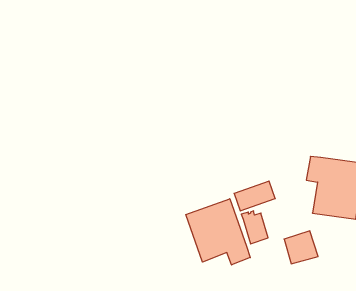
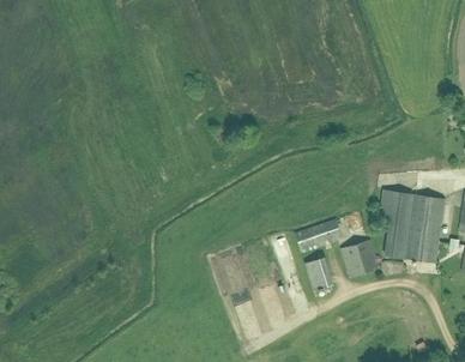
building: [186,199,250,265] -> none
building: [284,231,318,264] -> [340,239,380,277]

